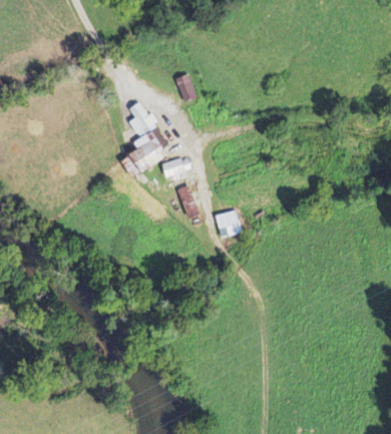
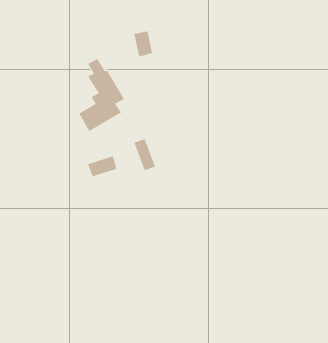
building: [160,155,191,177] -> [87,155,117,177]
building: [216,209,242,237] -> none

